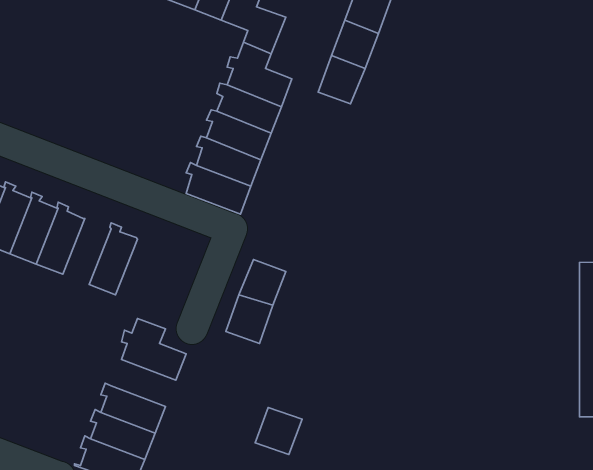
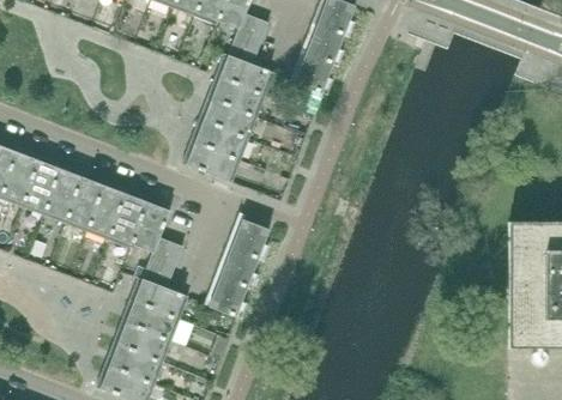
building: none -> [86,181,126,240]
building: none -> [129,198,182,275]
building: none -> [126,298,179,339]
building: [255,407,302,454] -> [209,278,247,316]

